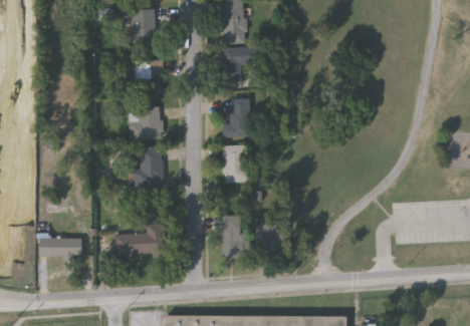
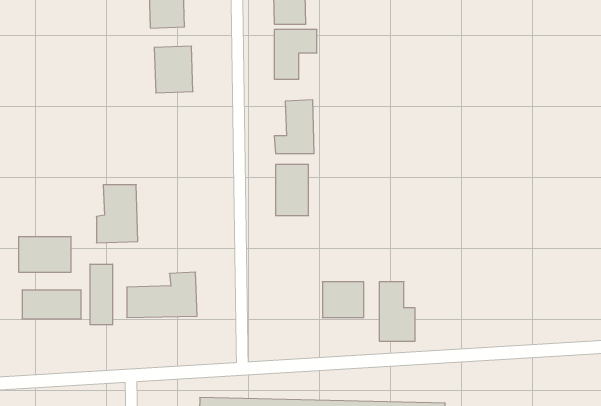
building: [128,105,163,139] -> none
building: [134,146,164,189] -> [96,185,138,243]
building: none -> [19,236,71,272]
building: [222,215,248,258] -> [379,282,415,341]
building: none -> [90,264,113,325]

